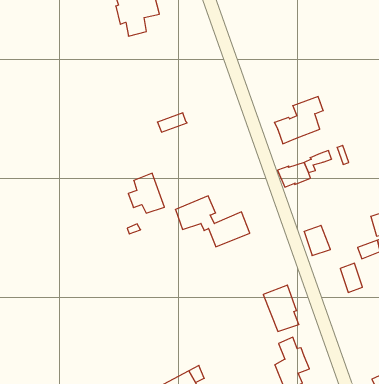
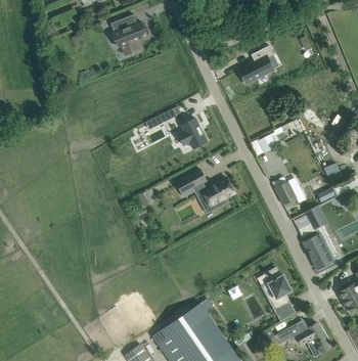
building: [274,97,323,144] -> [238,45,274,84]
building: [128,173,164,213] -> [178,118,207,148]
building: [263,285,299,331] -> [303,233,332,269]

